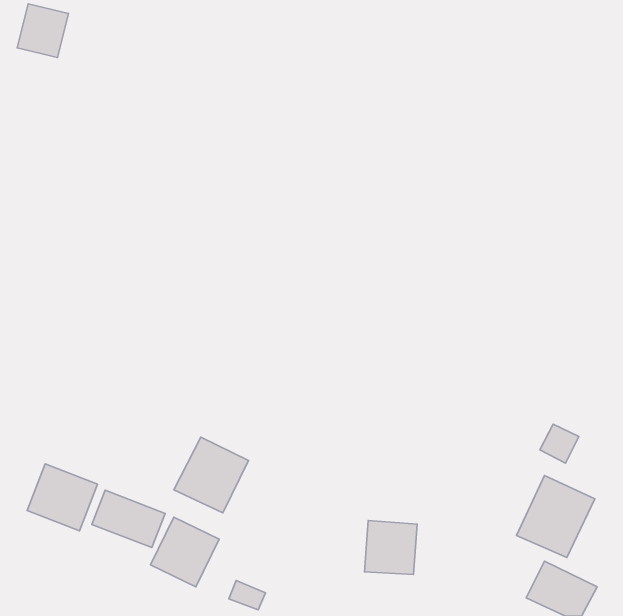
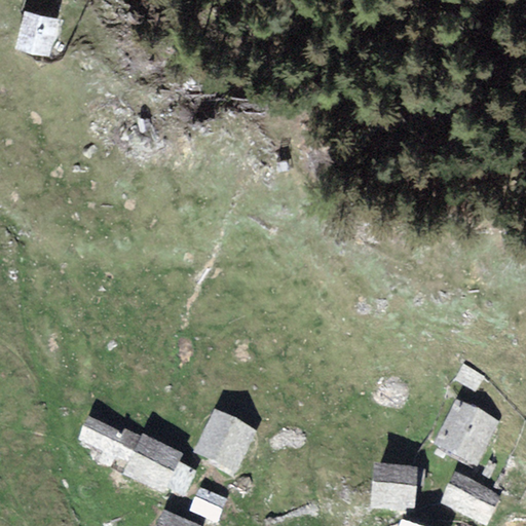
building: [174,437,249,513] -> [194,410,257,474]
building: [27,464,98,531] -> none
building: [365,521,417,574] -> [373,464,417,510]

